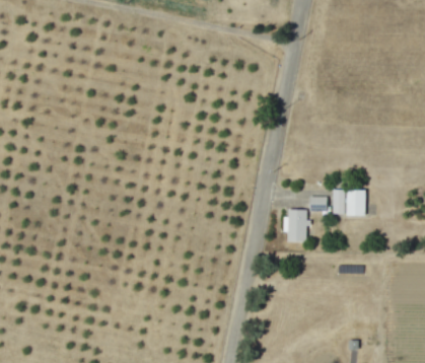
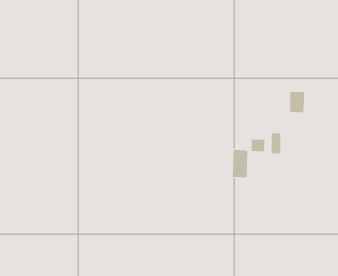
building: [347,191,365,216] -> [289,91,305,113]

